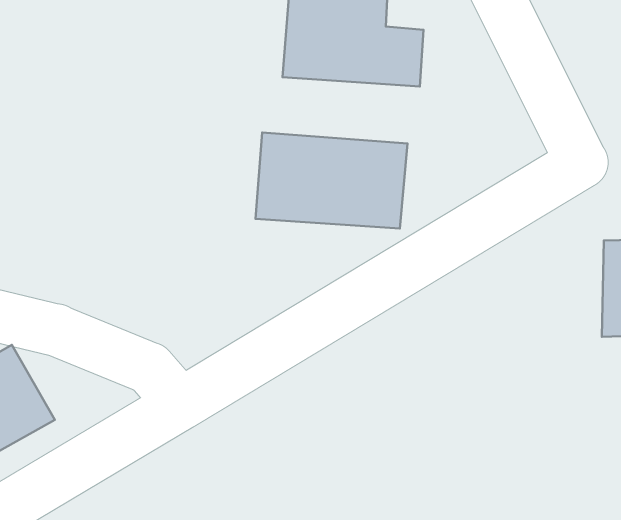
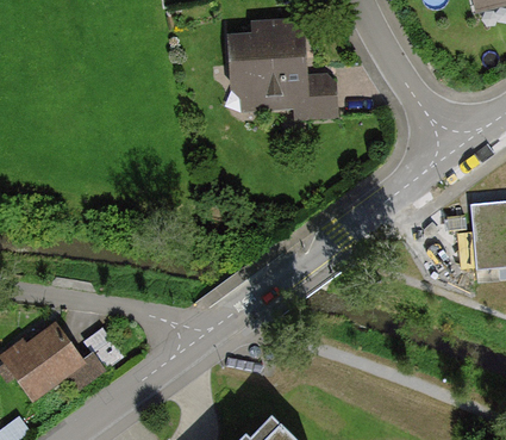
building: [256,133,408,228] -> none

